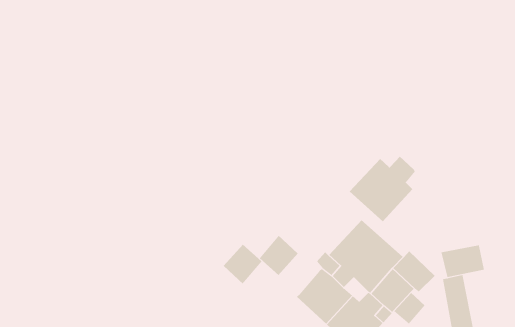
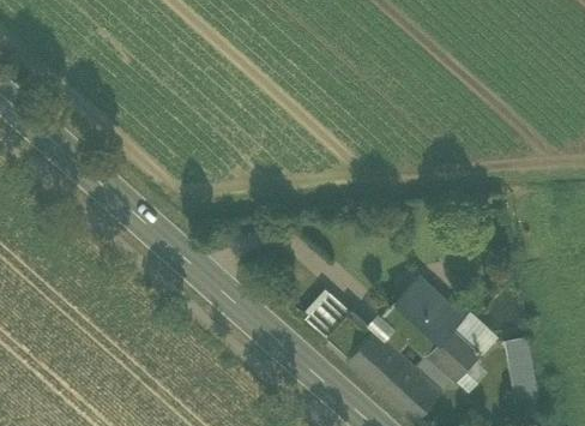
building: [349,156,416,222] -> none
building: [223,244,263,285] -> [327,314,370,359]
building: [441,245,484,278] -> none

